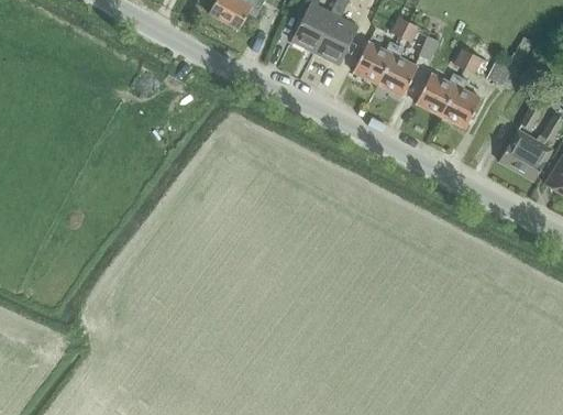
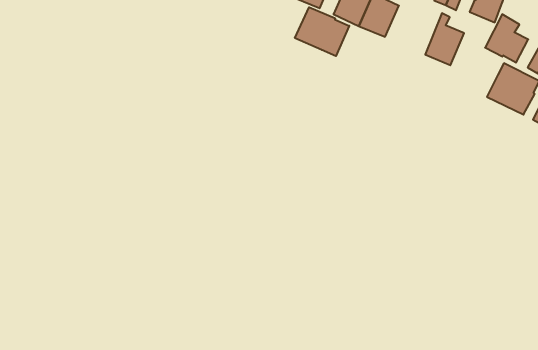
building: none -> [295,7,349,56]
building: [416,73,460,116] -> none

